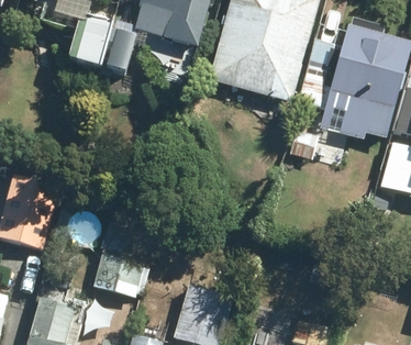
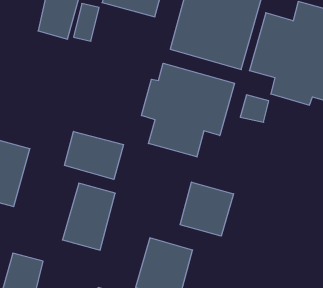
building: none -> [142,63,234,157]
building: none -> [65,131,123,179]
building: none -> [180,182,234,236]

